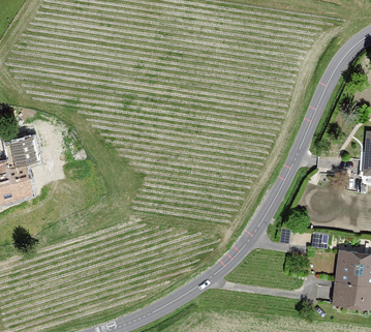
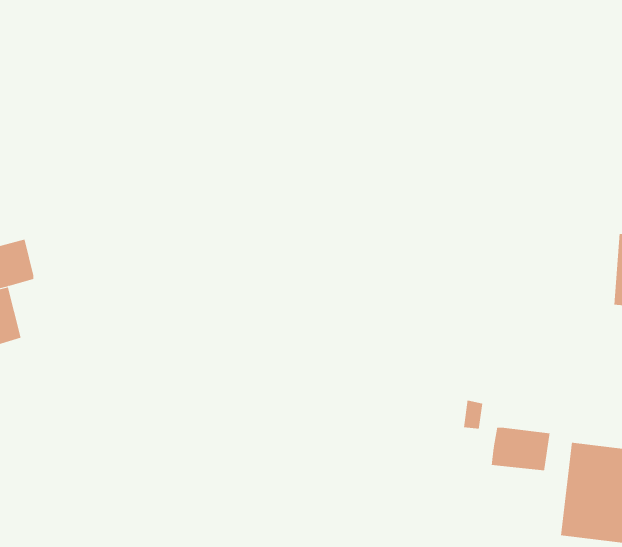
building: none -> [491,427,550,471]

